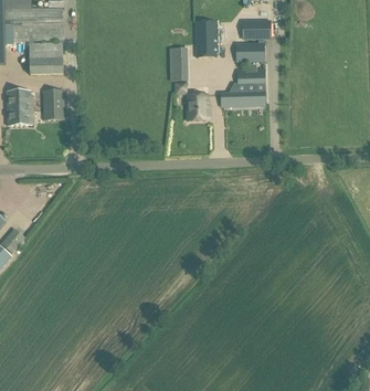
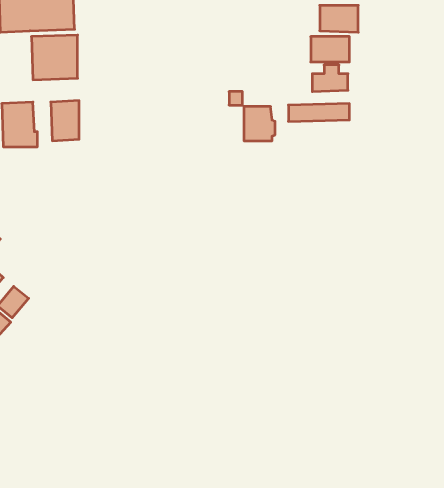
building: [193,20,214,56] -> none
building: [170,49,186,81] -> none

